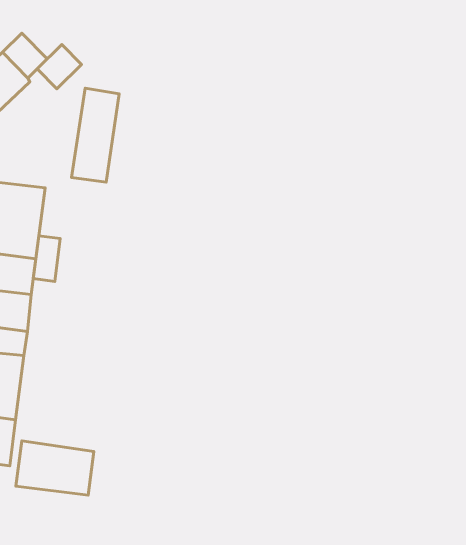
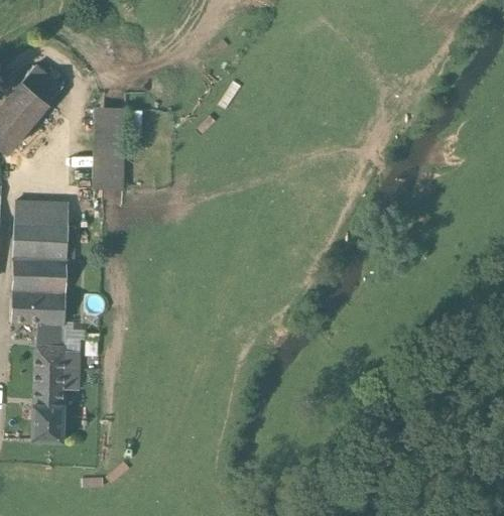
building: [37,44,82,89] -> none
building: [33,236,60,281] -> none
building: [16,441,94,495] -> none

